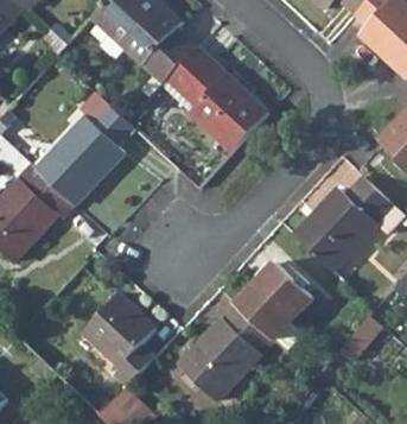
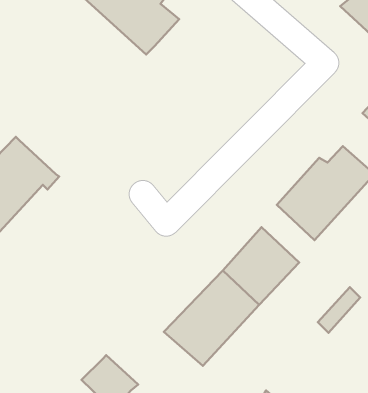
building: [171,45,267,150] -> none
building: [34,103,132,202] -> none
building: [81,290,152,388] -> none

